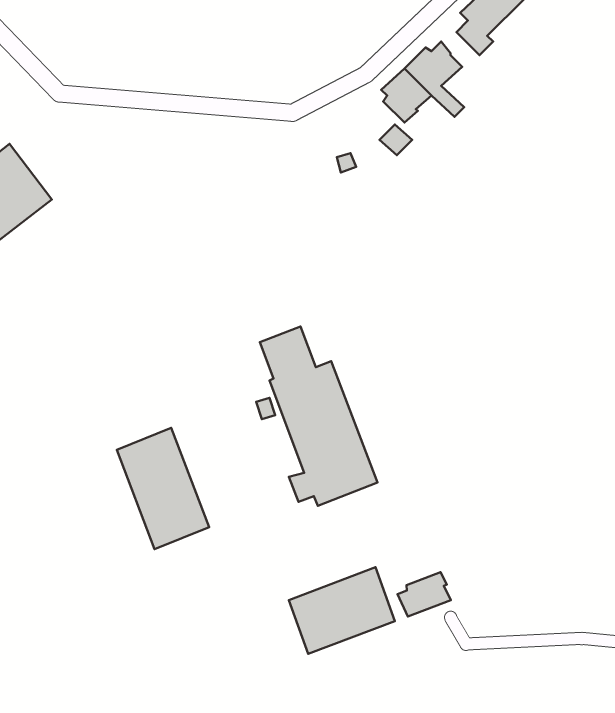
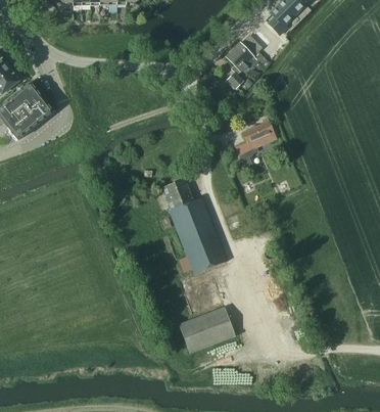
building: none -> [235,118,277,173]
building: [117,428,209,549] -> none
building: [397,572,451,617] -> none

